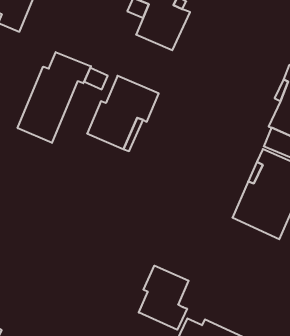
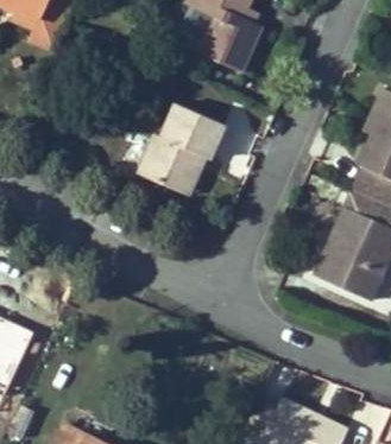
building: [18,52,91,143] -> none
building: [139,266,189,330] -> none

